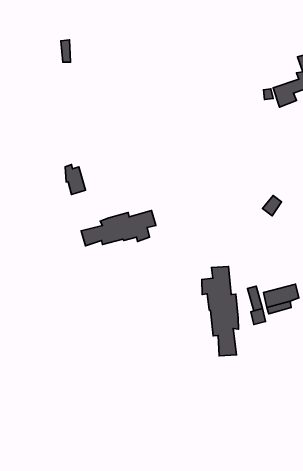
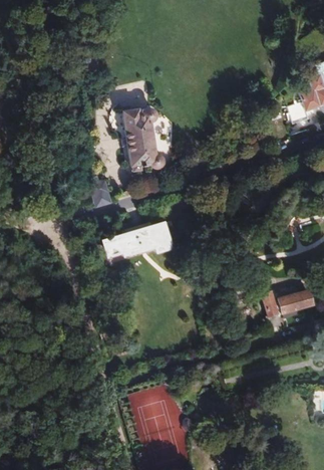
building: none -> [121,105,163,167]
building: [202,267,238,356] -> none

